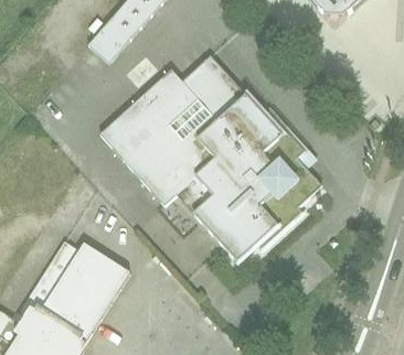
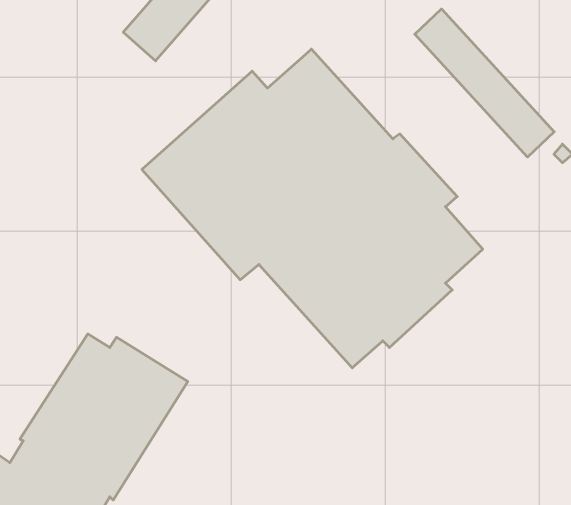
building: none -> [415,9,554,157]

